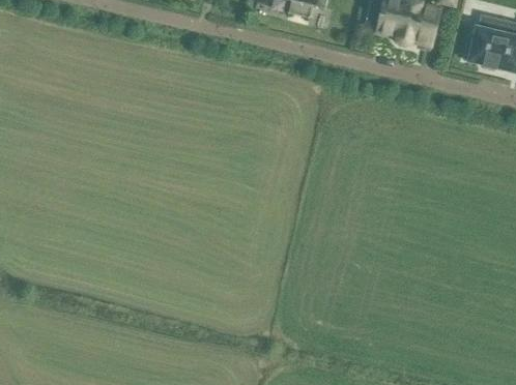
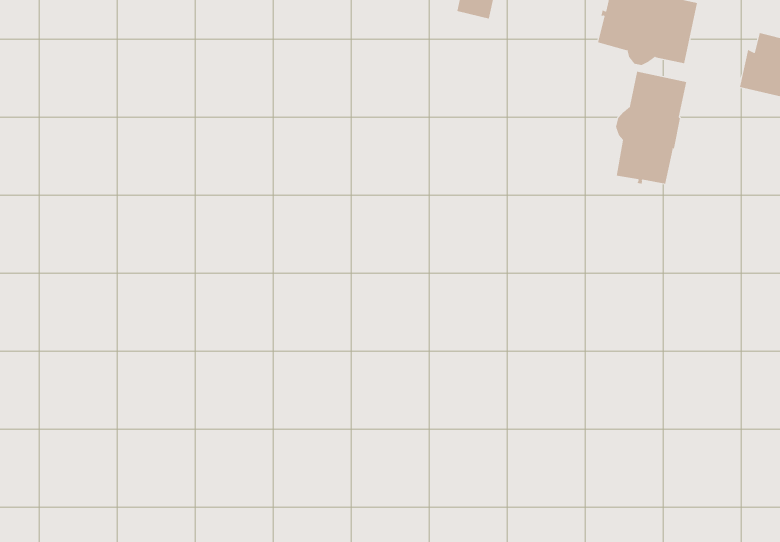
building: none -> [616,71,687,185]

